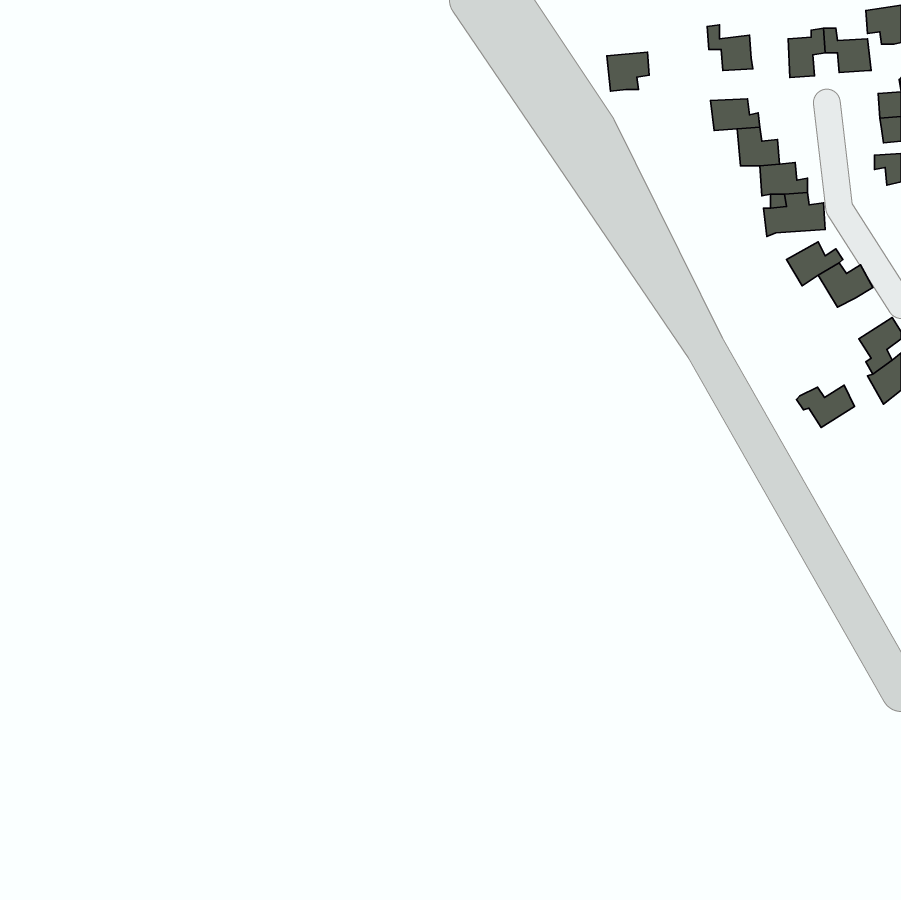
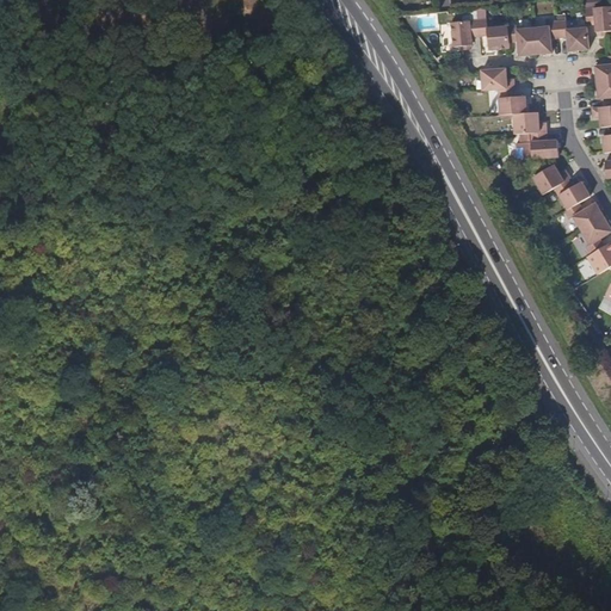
building: none -> [507,25,535,55]
building: [607,52,649,91] -> [451,19,480,45]
building: [796,385,855,428] -> [564,202,604,230]

